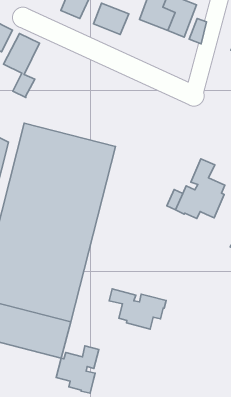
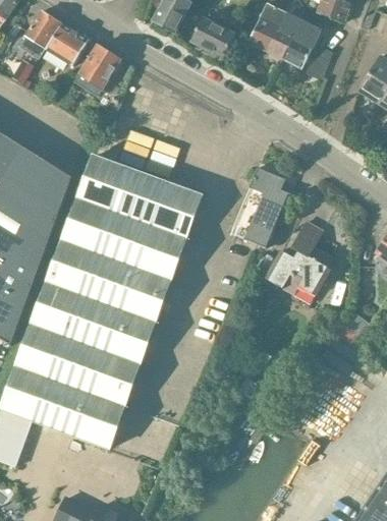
building: none -> [244,167,288,246]
building: [109,289,166,329] -> none
building: [56,346,99,393] -> none

